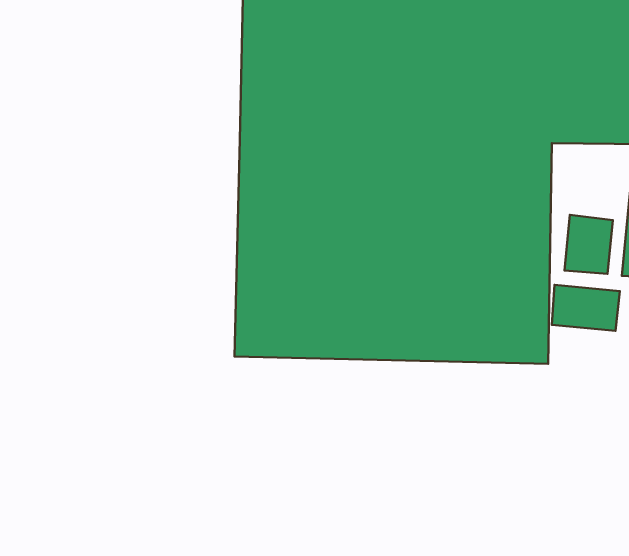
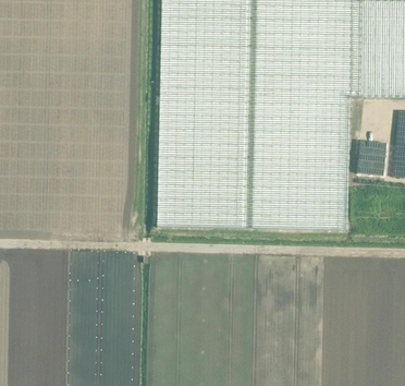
building: [552,285,620,331] -> none

